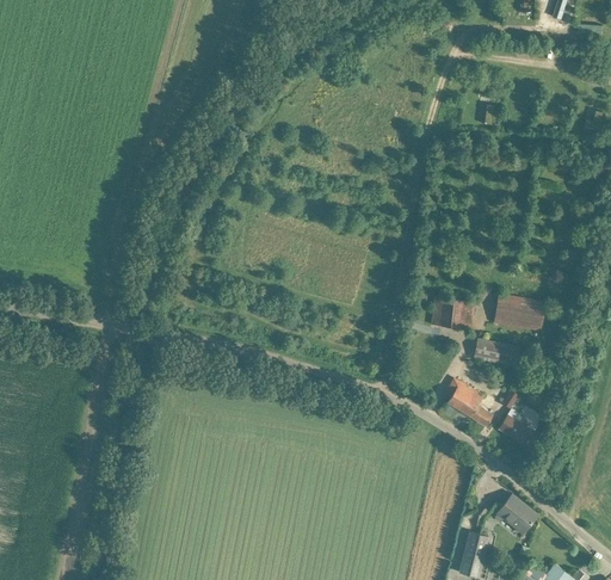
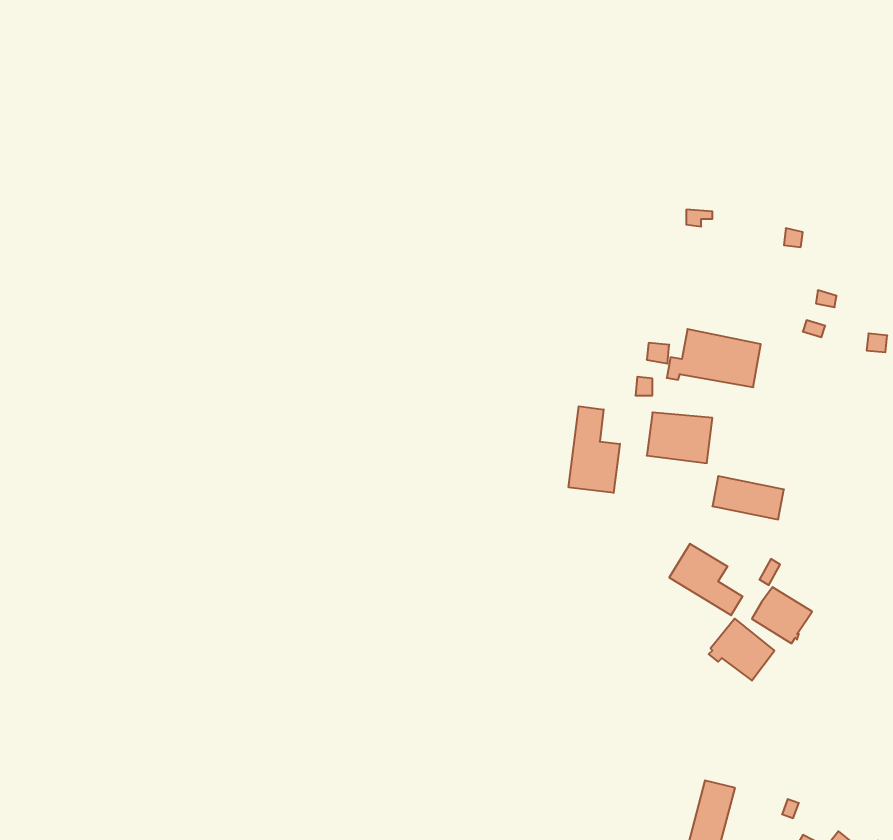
building: [486,294,545,331] -> [667,329,761,387]
building: none -> [569,406,620,493]
building: [495,494,537,533] -> [709,619,774,681]

